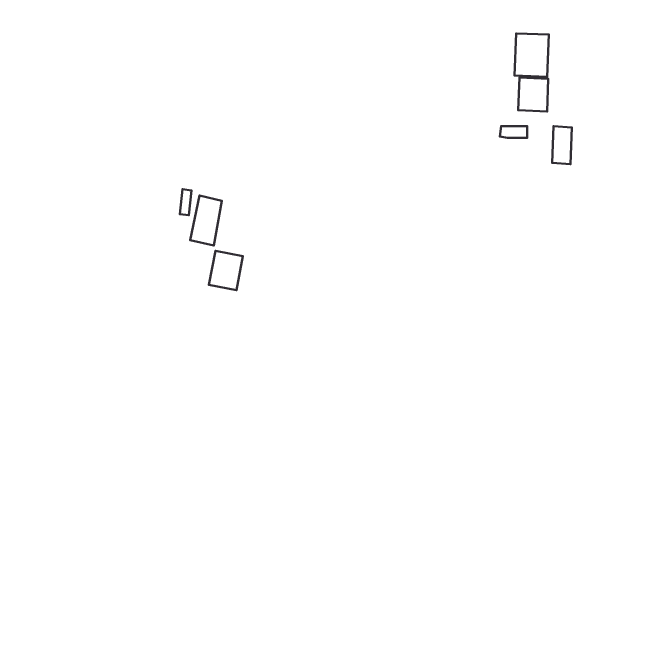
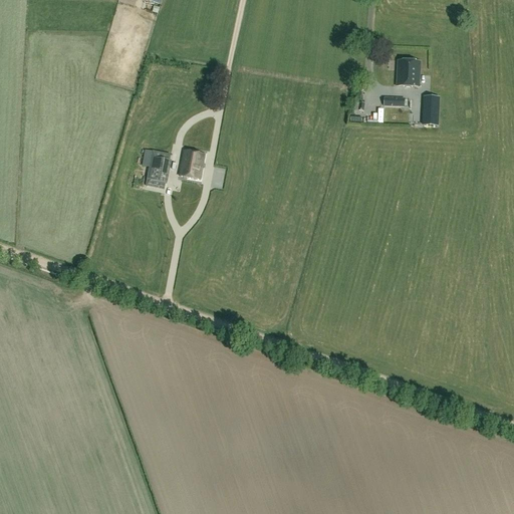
building: [514,33,549,77] -> none
building: [209,251,243,290] -> [179,149,205,179]

